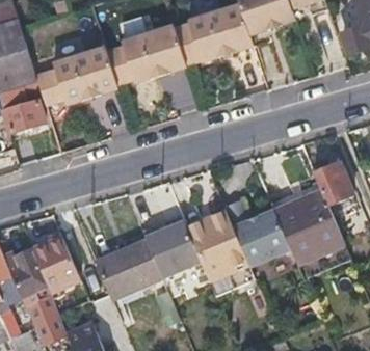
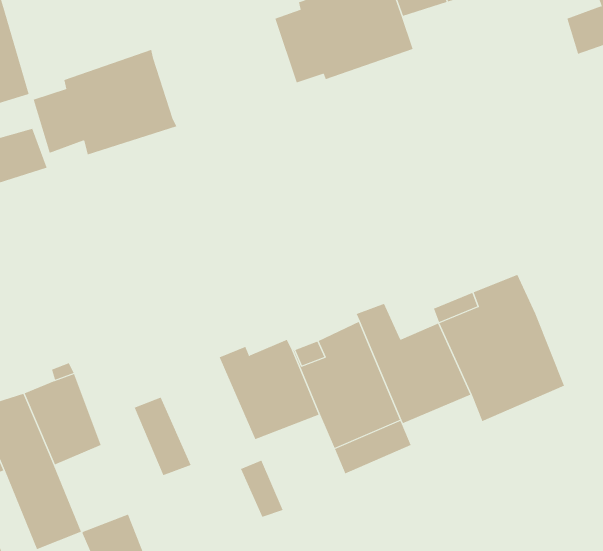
building: [107,28,189,91] -> none
building: [313,161,352,204] -> none
building: [111,236,165,291] -> none

